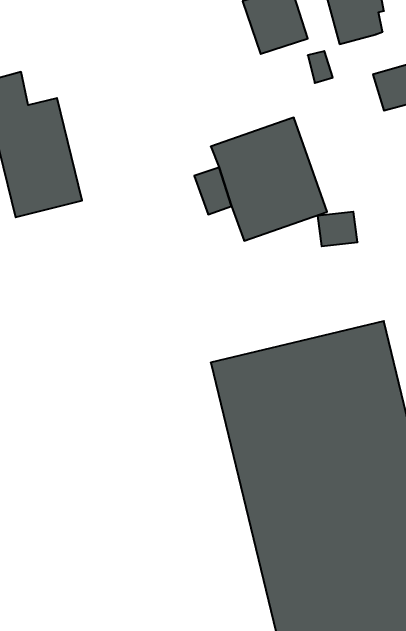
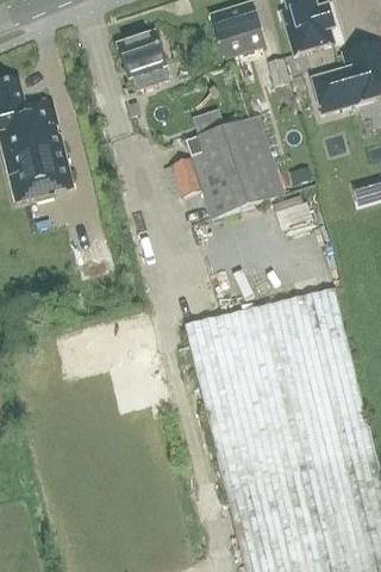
building: none -> [119,31,169,88]

